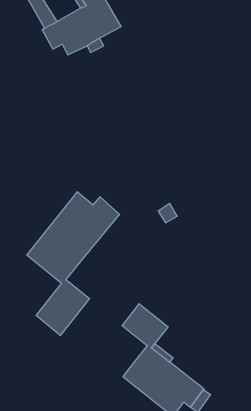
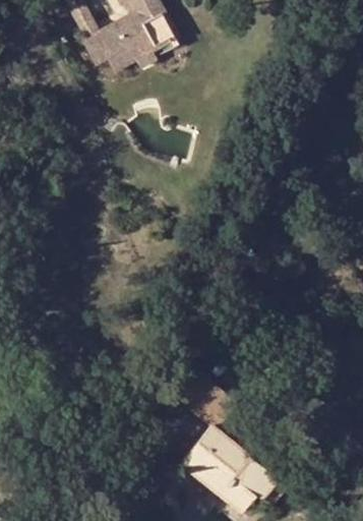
building: [27,192,119,335] -> none

